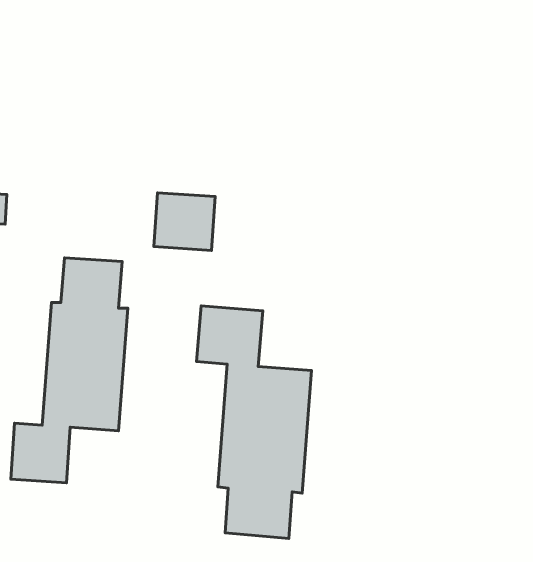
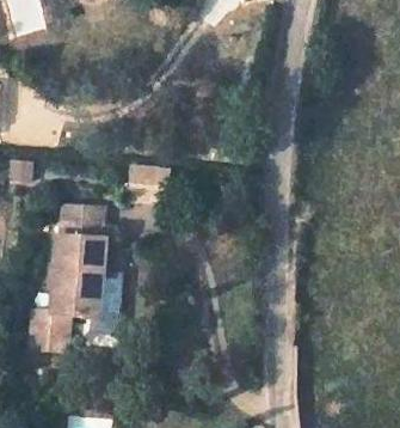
building: [196,306,312,538] -> none

